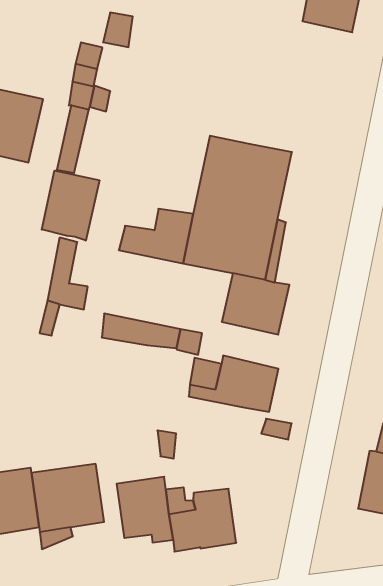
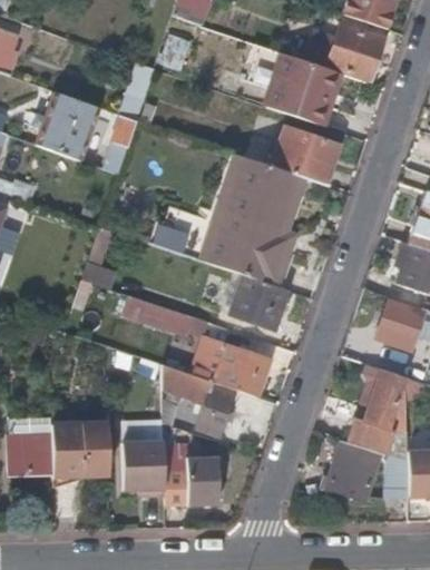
building: none -> [266,55,338,126]
building: none -> [271,126,340,185]
building: [42,171,99,241] -> none
building: none -> [162,364,237,436]

